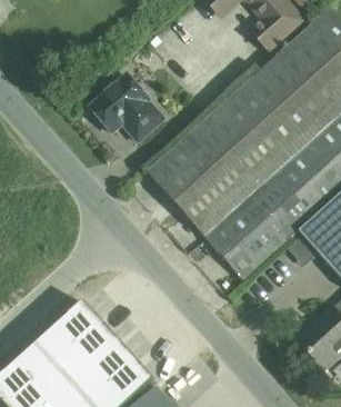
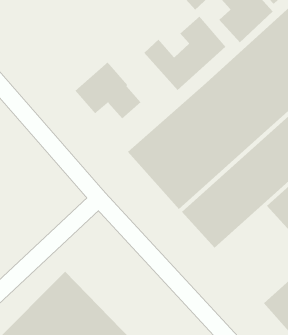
building: none -> [143,16,226,91]

